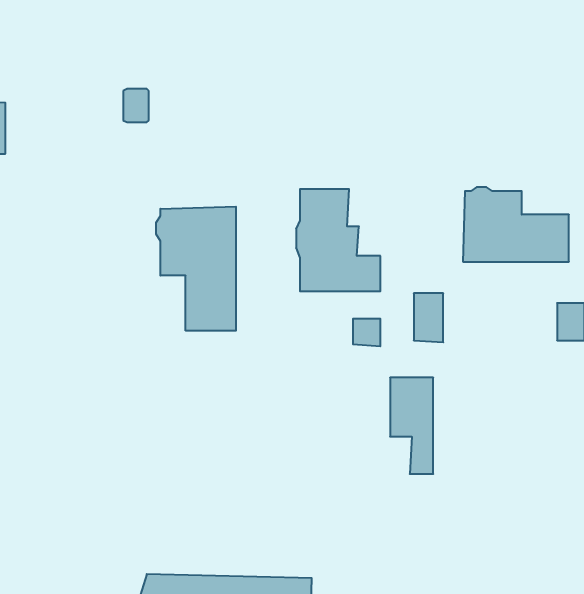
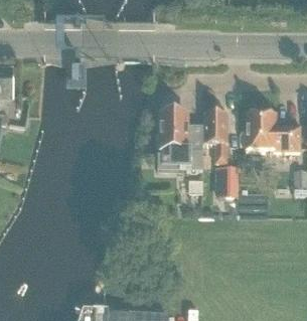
building: [156,207,236,331] -> none
building: [390,378,433,474] -> [203,112,225,161]

